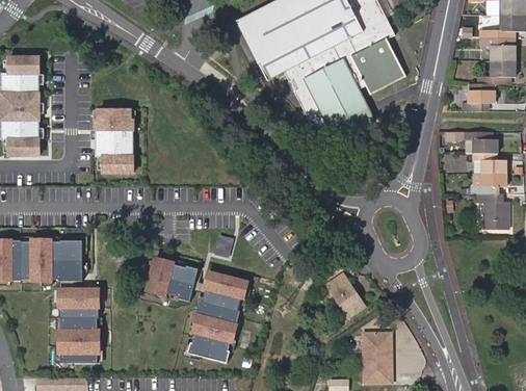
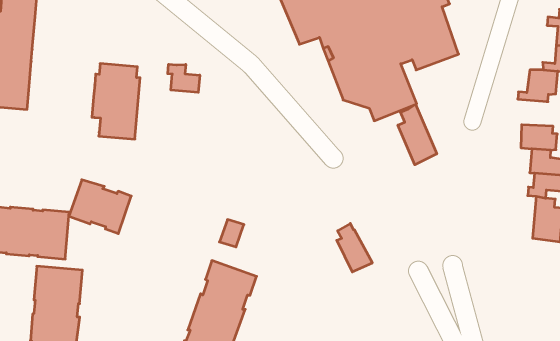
building: none -> [168,64,200,92]
building: none -> [398,104,437,165]
building: [146,257,198,301] -> [69,180,131,234]
building: [334,276,366,317] -> [337,223,372,272]

